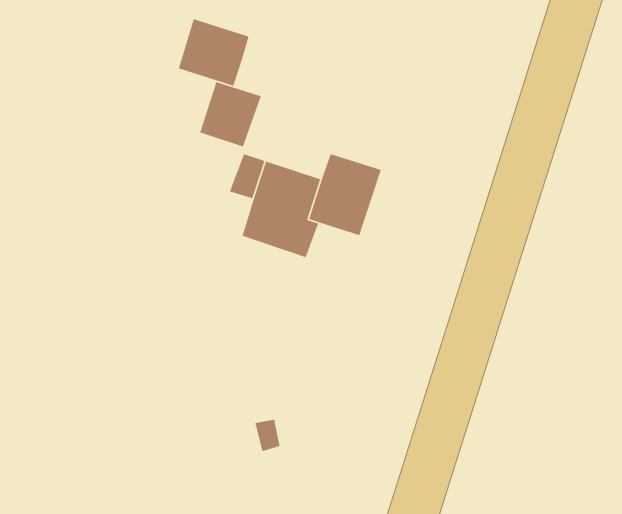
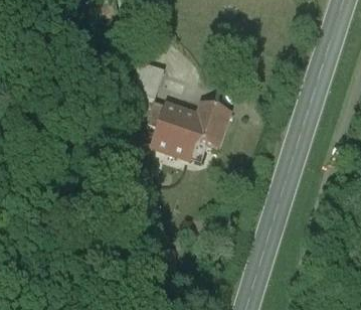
building: [178,18,249,87] -> none

